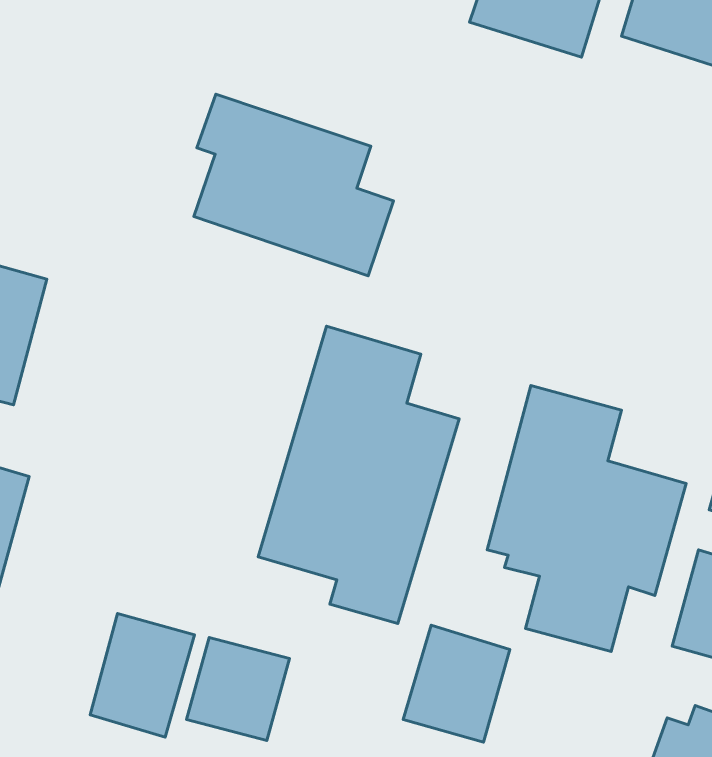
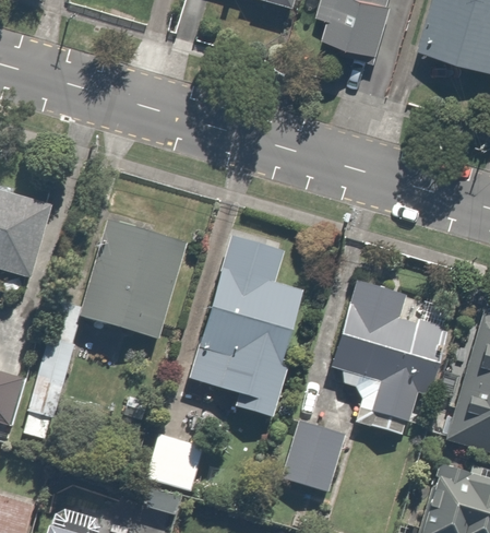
building: [194,94,393,276] -> none
building: none -> [72,217,189,345]
building: [90,613,194,737] -> none

